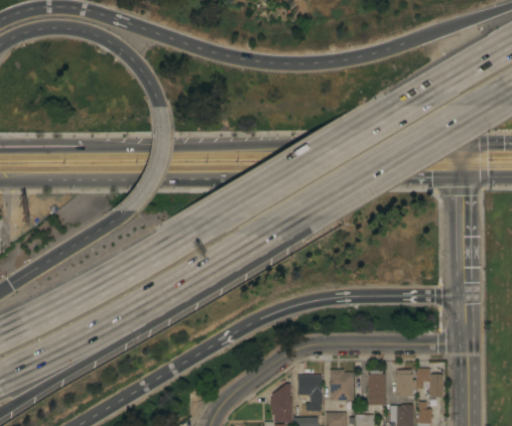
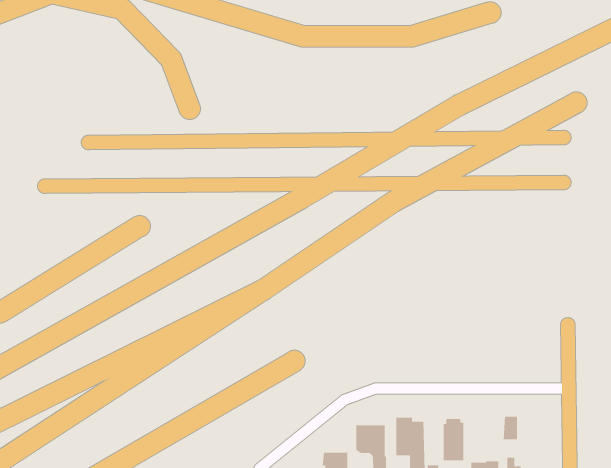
building: [396,369,416,396] -> none
building: [429,374,443,401] -> none

